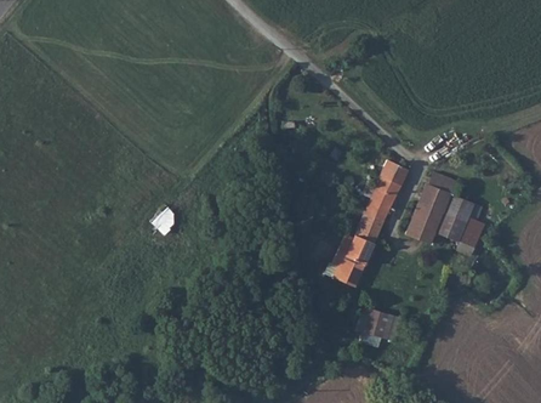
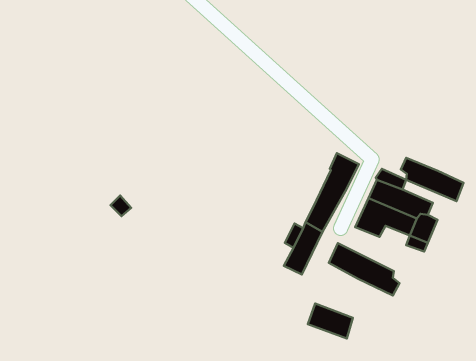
building: none -> [401,158,463,201]
building: none -> [329,243,399,296]

